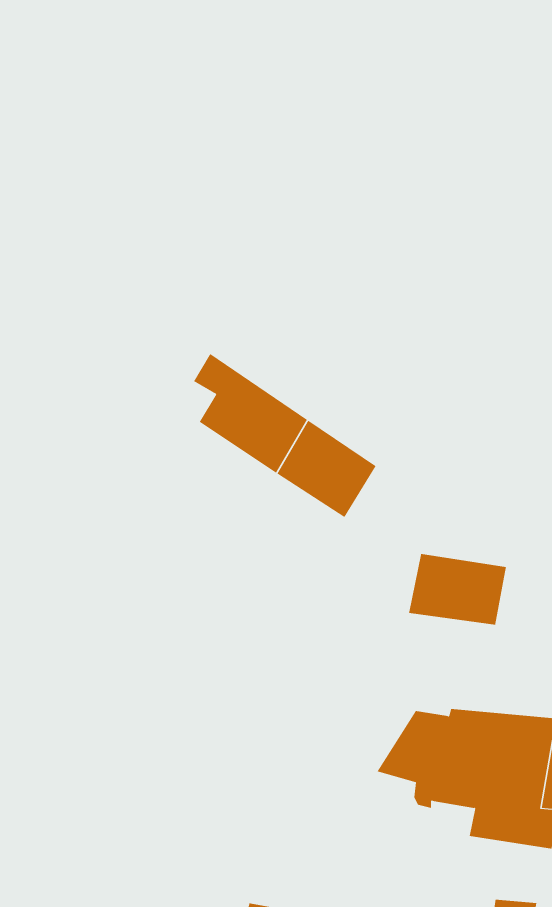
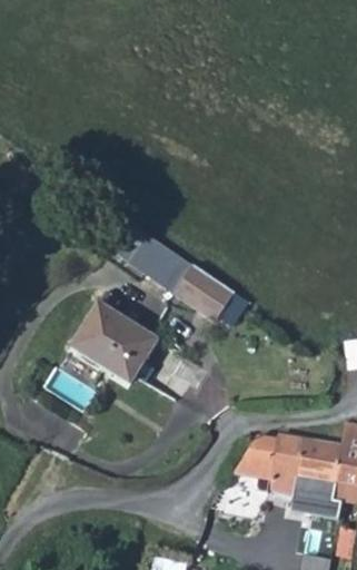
building: none -> [73,301,159,384]
building: [408,553,507,626] -> none

